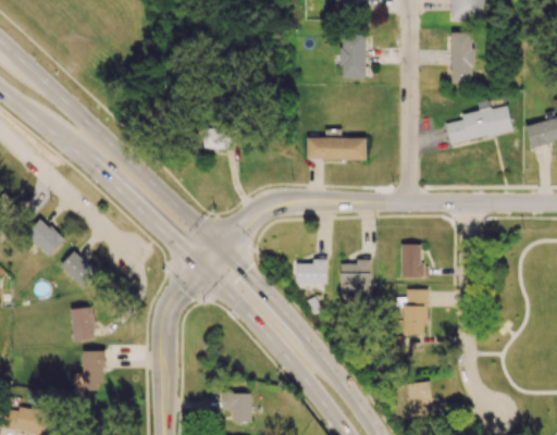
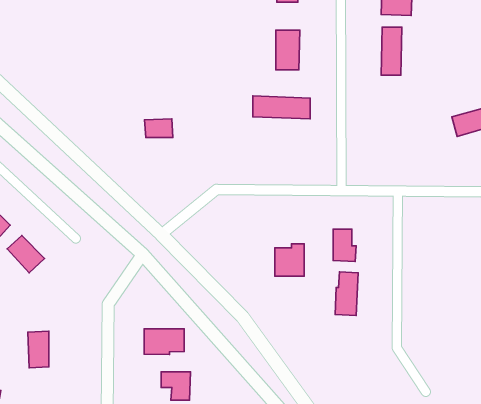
building: [445,100,511,144] -> none
building: [306,136,366,160] -> [253,96,310,119]
building: [296,256,326,283] -> none
building: [71,307,95,339] -> none
building: none -> [144,329,184,354]
building: [407,382,431,415] -> none

